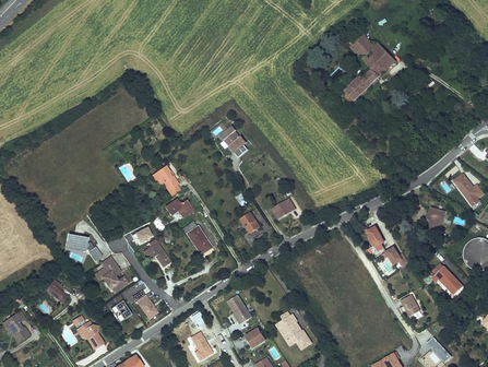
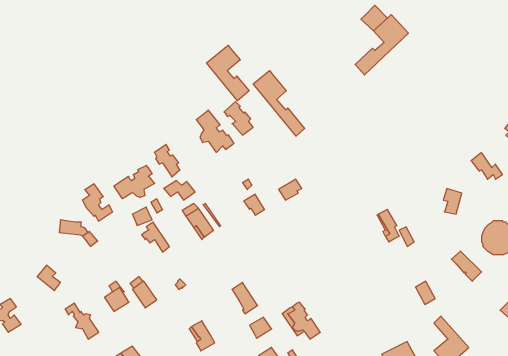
building: none -> [207,45,249,101]
building: none -> [253,71,305,136]
building: none -> [196,110,234,152]
building: none -> [114,165,155,199]
building: [98,256,127,291] -> [82,184,113,221]

